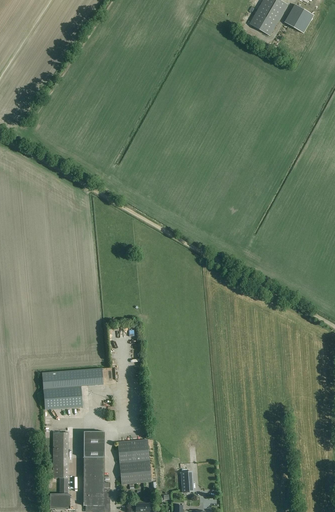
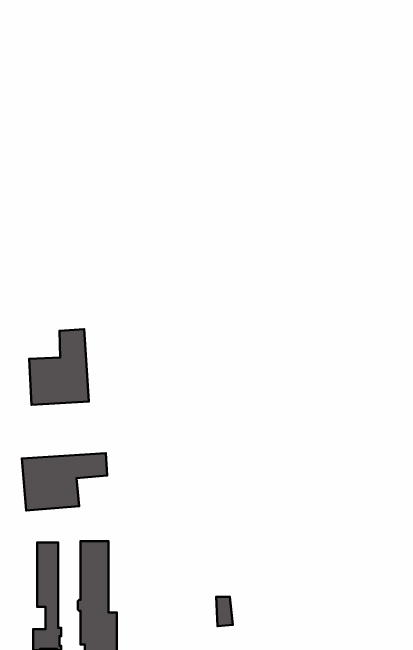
building: none -> [29,329,89,405]
building: [118,439,151,484] -> none

